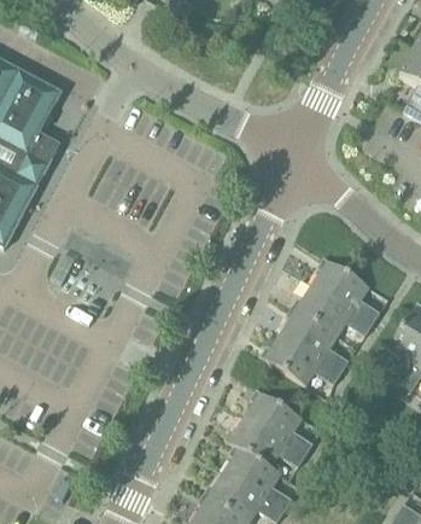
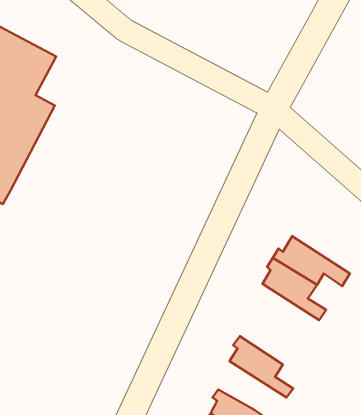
building: [311,257,379,322] -> none
building: [257,333,340,385] -> none
building: [224,415,305,467] -> none

